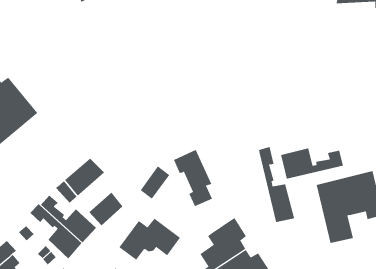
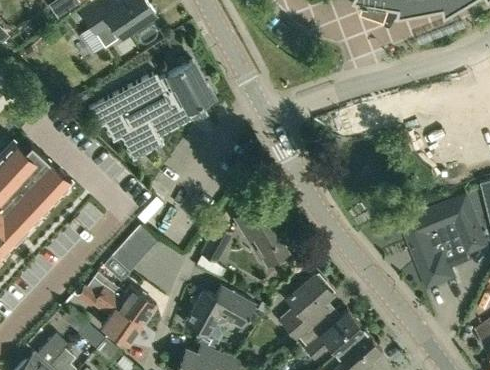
building: none -> [89,62,213,161]
building: [259,146,295,223] -> none
building: [281,148,343,179] -> none
building: [88,192,123,226] -> none

